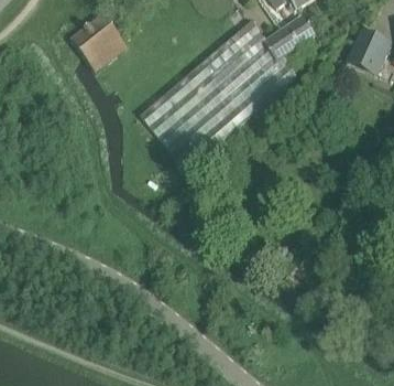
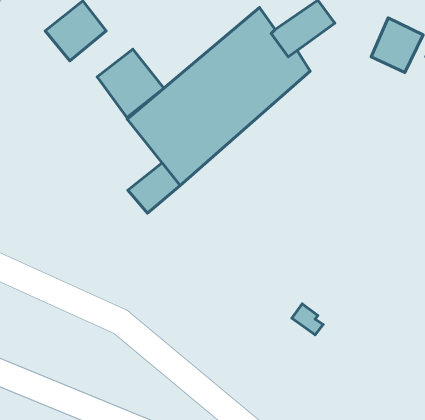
building: none -> [97,49,164,118]
building: none -> [128,163,180,213]

